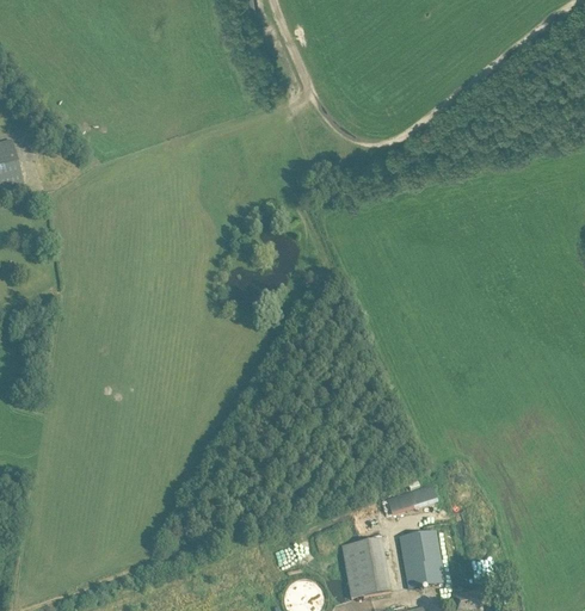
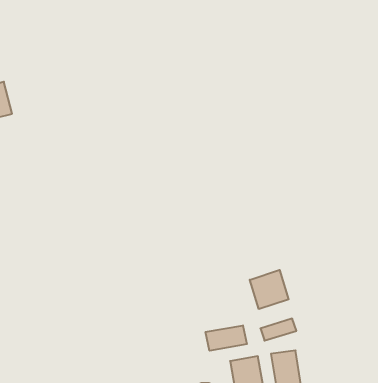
building: none -> [250,270,289,309]
building: none -> [206,325,247,351]

